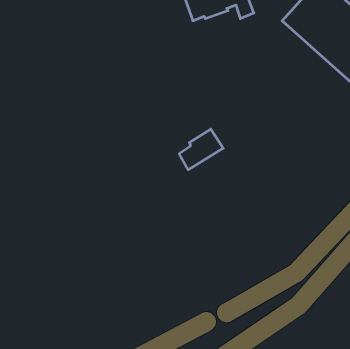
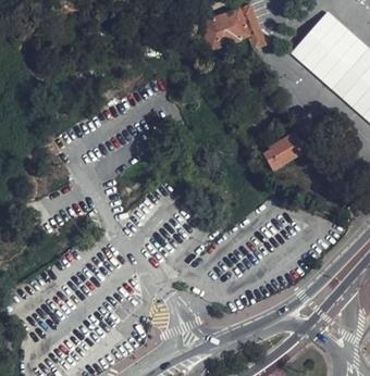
building: [179,129,223,170] -> [262,131,305,171]

